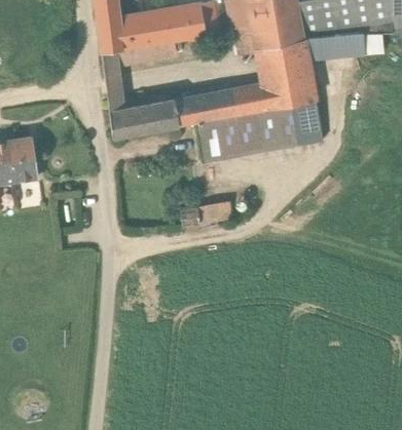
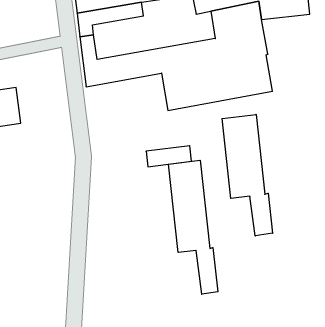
building: none -> [222,114,273,236]
building: none -> [168,160,218,294]

